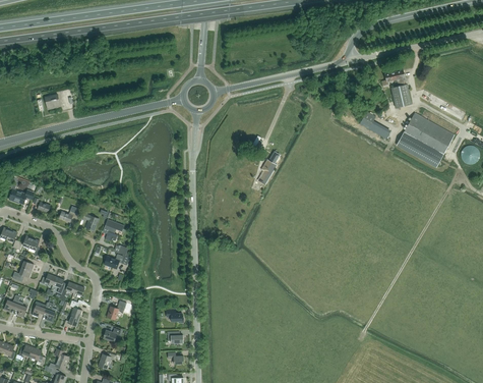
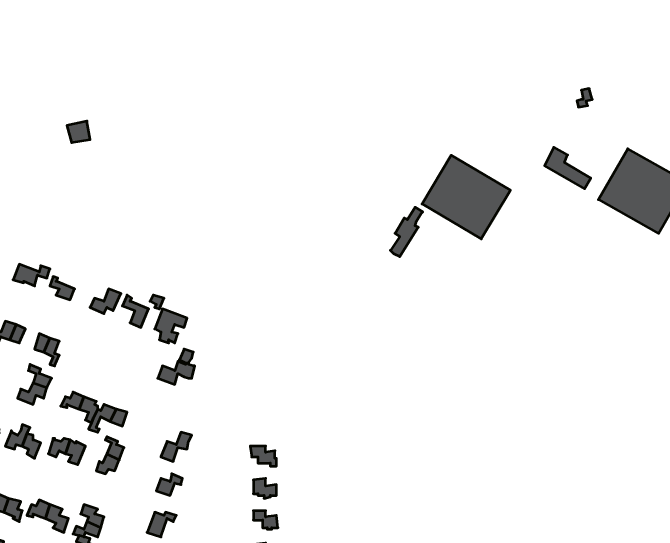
building: [391,70,411,108] -> none
building: none -> [422,155,510,239]

